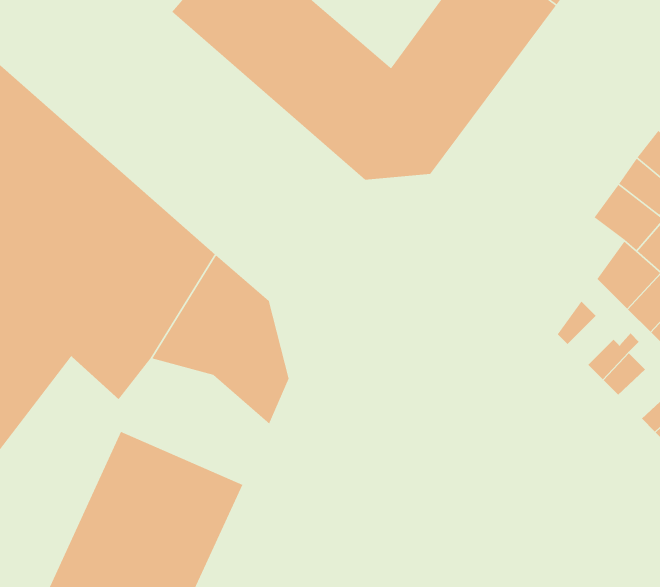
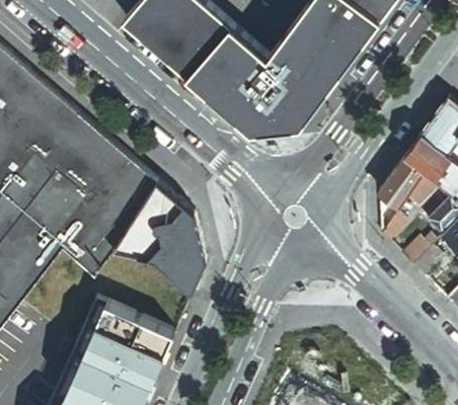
building: none -> [379,156,426,206]

